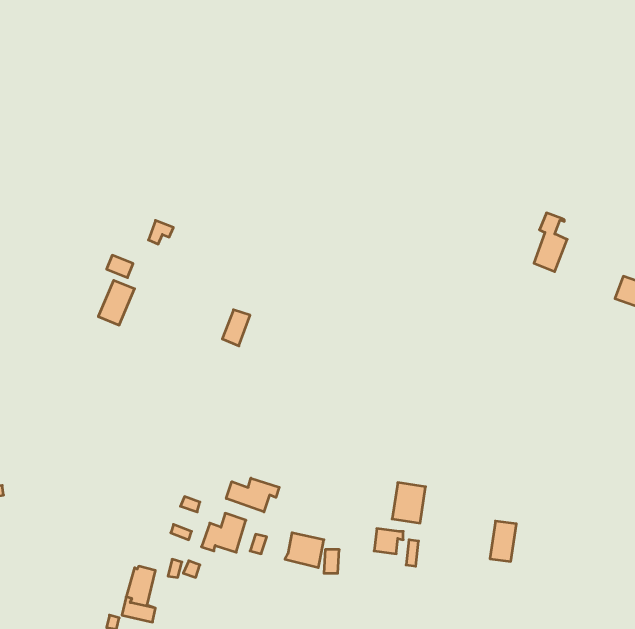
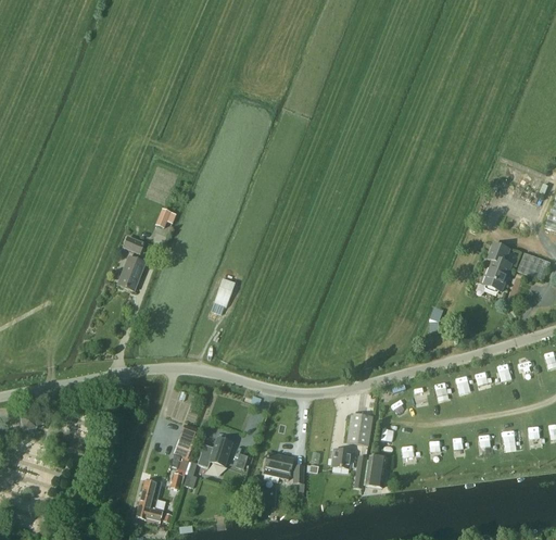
building: [534,213,567,272] -> [485,243,511,289]
building: [226,478,279,512] -> none
building: [490,521,516,561] -> [366,455,387,487]

